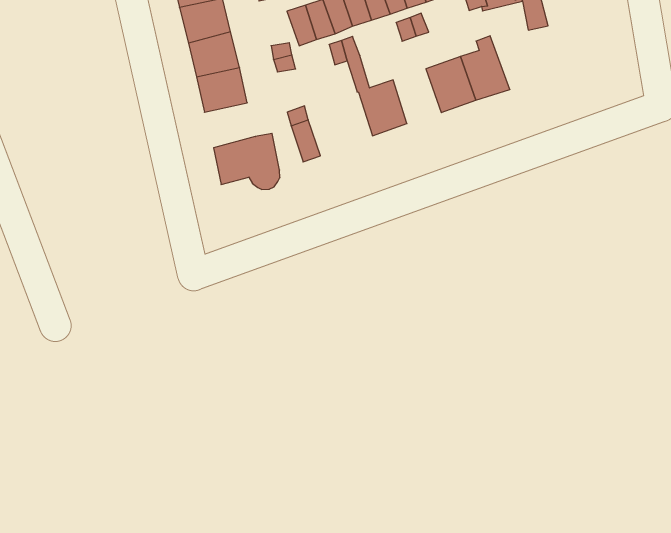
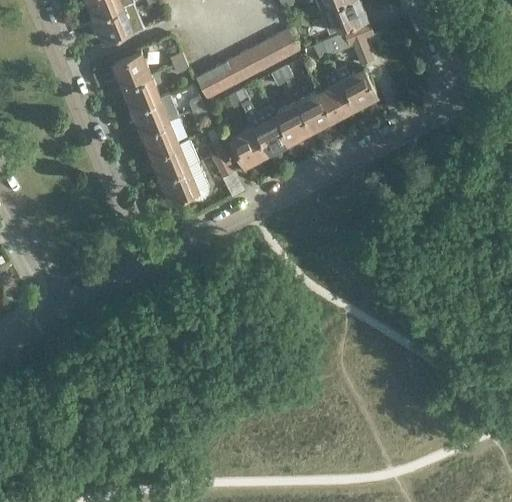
building: none -> [335,68,376,108]
building: none -> [274,103,310,142]
building: none -> [229,126,266,166]
building: none -> [150,140,198,179]

